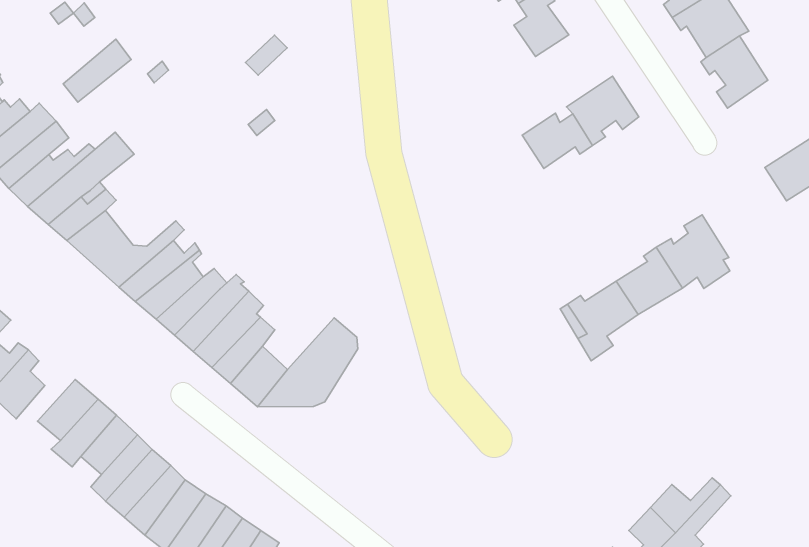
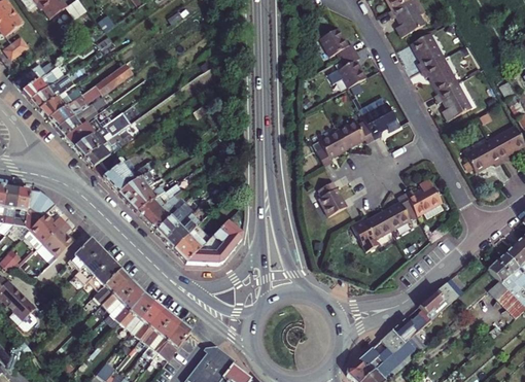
building: none -> [316,127,348,163]
building: none -> [318,178,346,213]
building: none -> [417,283,456,320]

